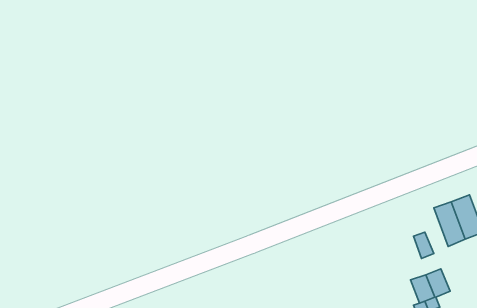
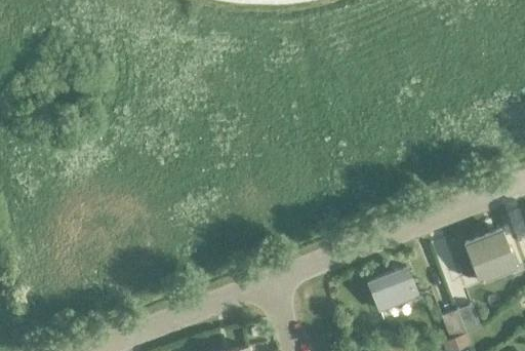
building: none -> [369,267,418,311]

